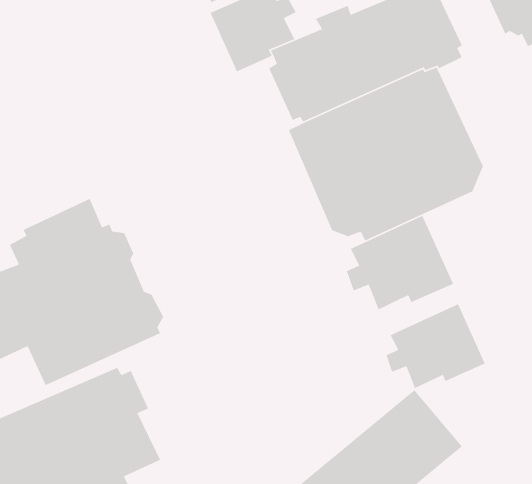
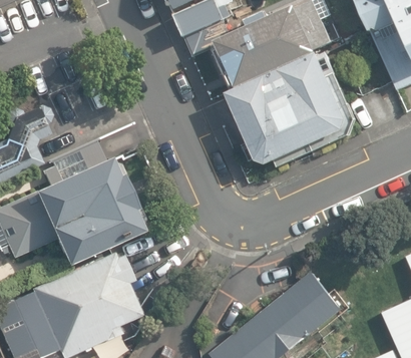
building: [346,215,454,311] -> none
building: [385,303,486,389] -> none

